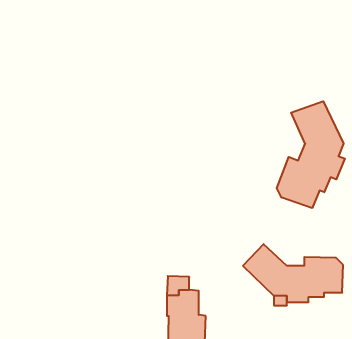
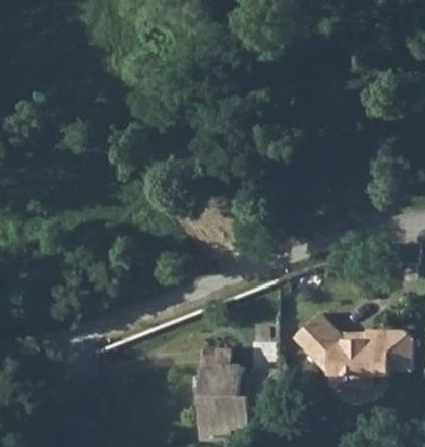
building: [277,101,345,208] -> none

